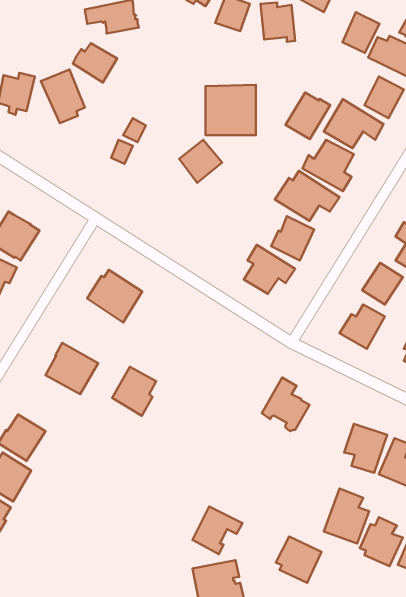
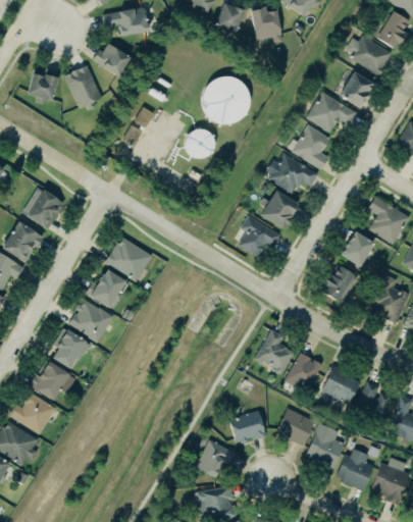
building: [342,12,380,53] -> none
building: [285,93,330,139] -> none
building: [112,367,156,416] -> [89,268,126,310]
building: none -> [51,327,90,368]
building: none -> [286,353,322,392]
building: none -> [228,410,265,442]
building: [276,536,321,583] -> [276,407,315,447]

